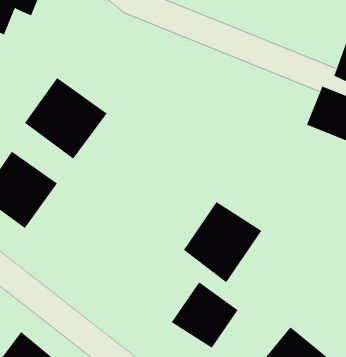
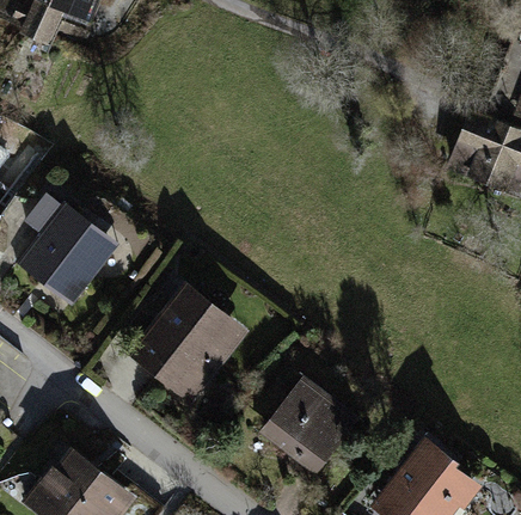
building: [24,77,107,160] -> none
building: [183,201,262,283] -> none
building: none -> [130,281,250,403]

